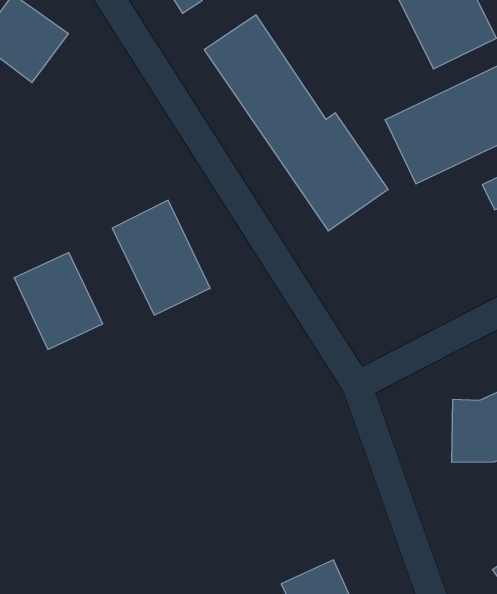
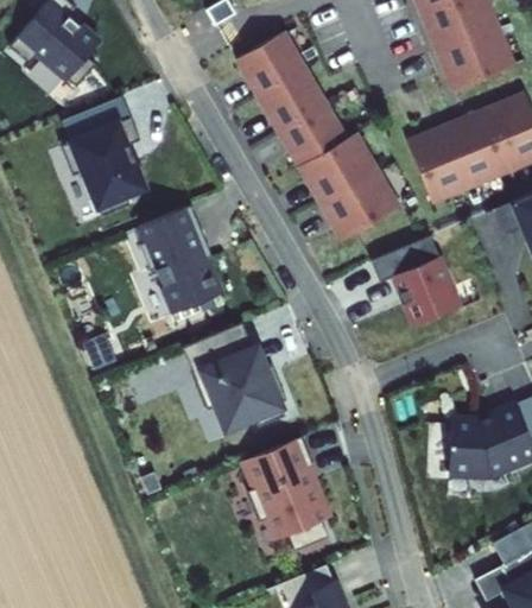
building: none -> [373,234,460,327]
building: [14,253,103,349] -> [64,116,147,209]
building: none -> [184,324,287,433]
building: none -> [238,435,336,546]

